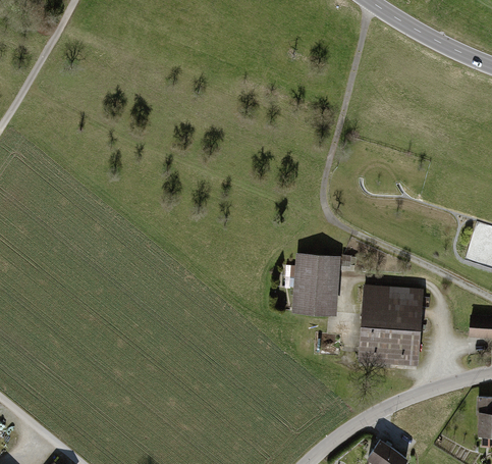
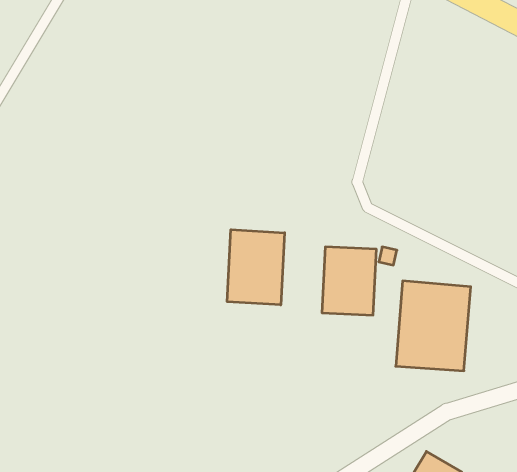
building: none -> [227,230,285,305]

